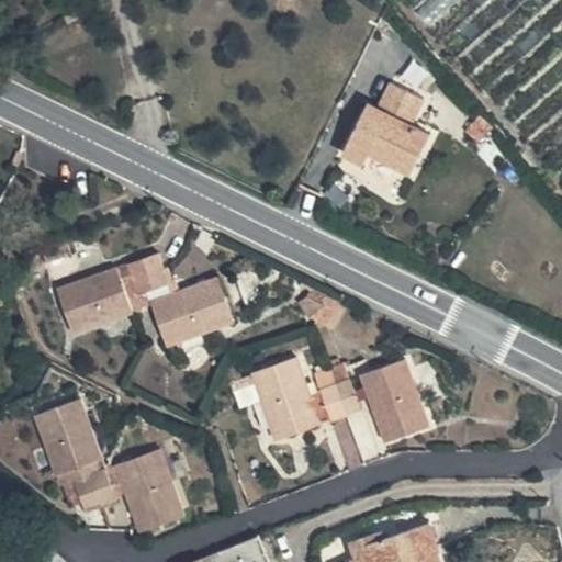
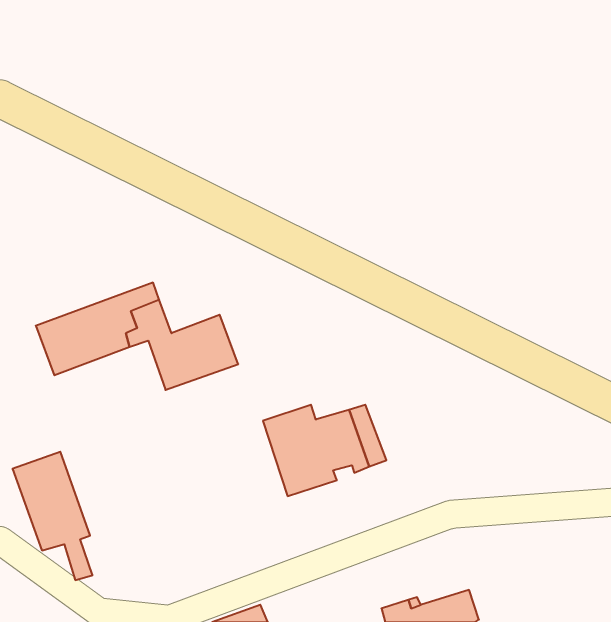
building: [336,89,422,181] -> none
building: [361,356,428,438] -> none
building: [89,451,179,530] -> none

